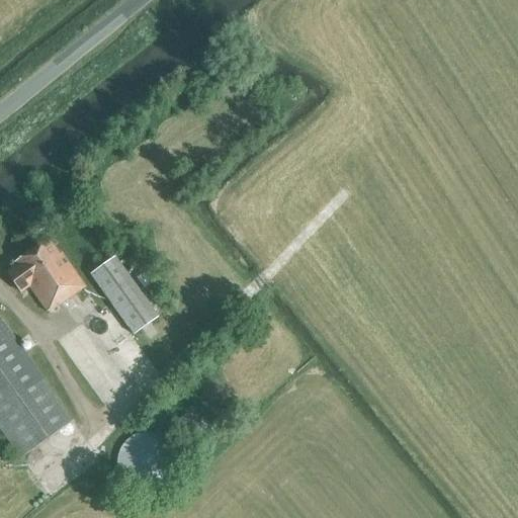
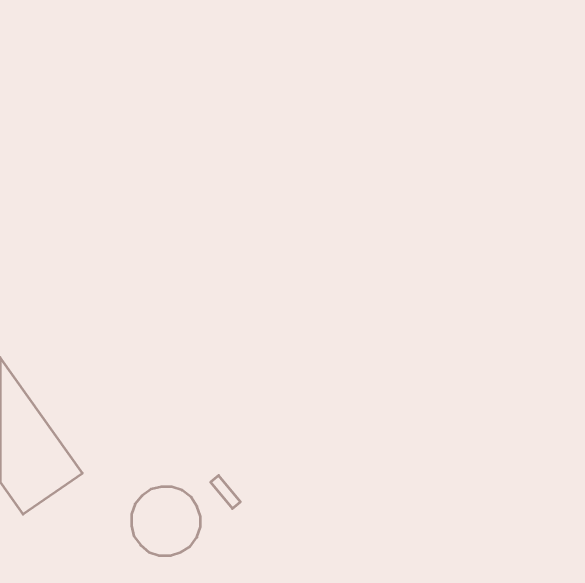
building: [6,238,84,311] -> none
building: [91,256,157,333] -> none

